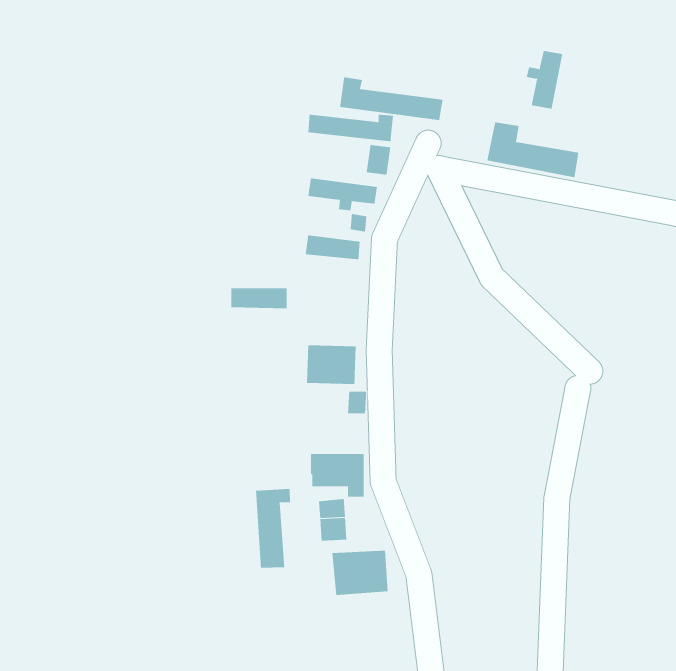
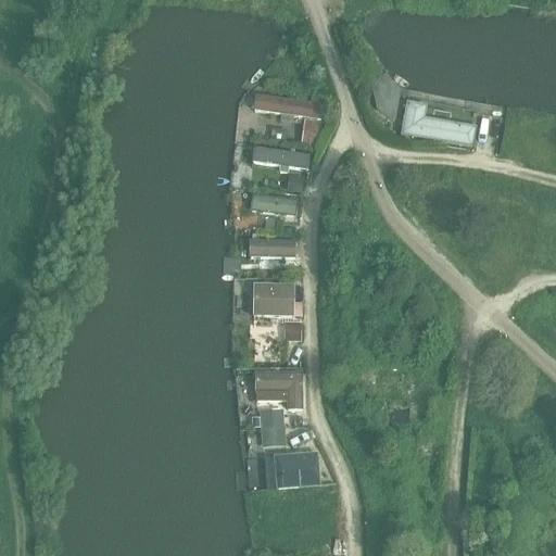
building: [526,50,563,110] -> none
building: [339,76,443,121] -> none
building: [230,288,287,309] -> [249,239,295,256]
building: [255,488,290,568] -> none

